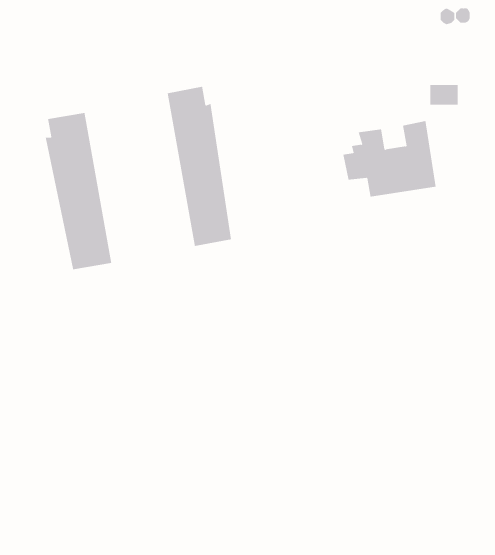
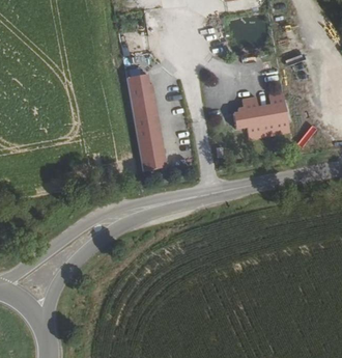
building: [45,112,112,270] -> none

